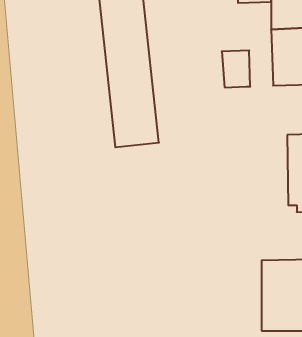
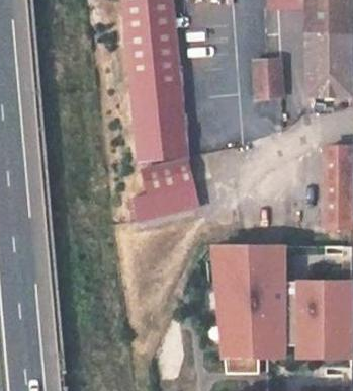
building: none -> [131,160,199,222]
building: none -> [211,246,284,356]

